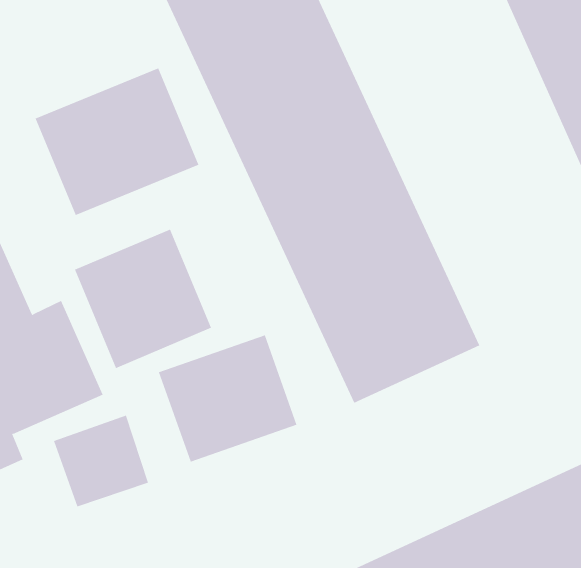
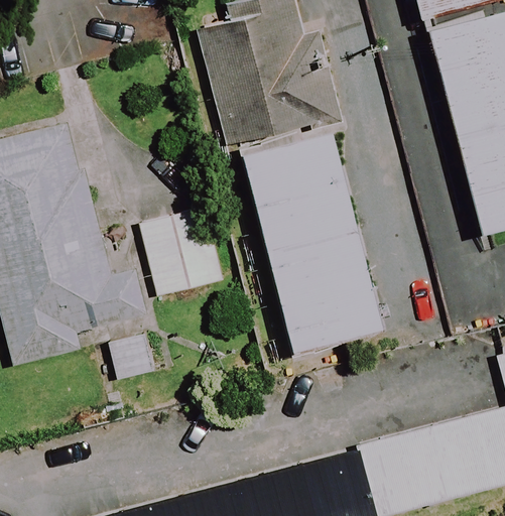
building: [35,67,199,216] -> none
building: [158,334,297,463] -> none

